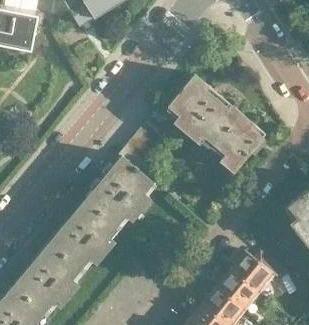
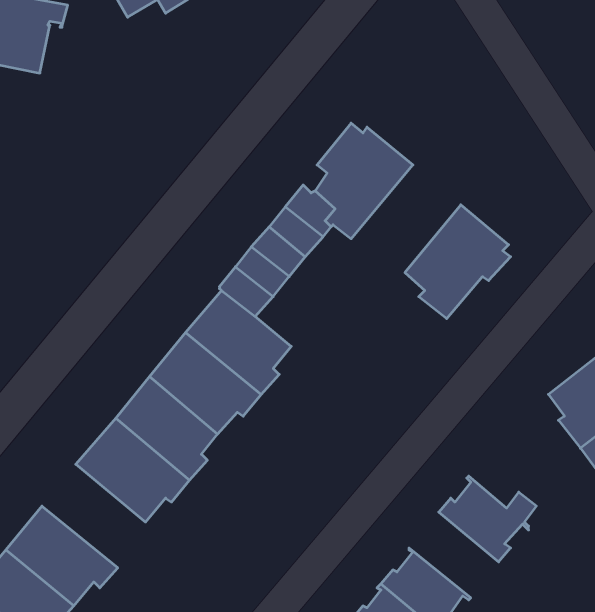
building: [185,94,240,148] -> none
building: [30,244,82,296] -> none
building: [214,268,259,311] -> none

